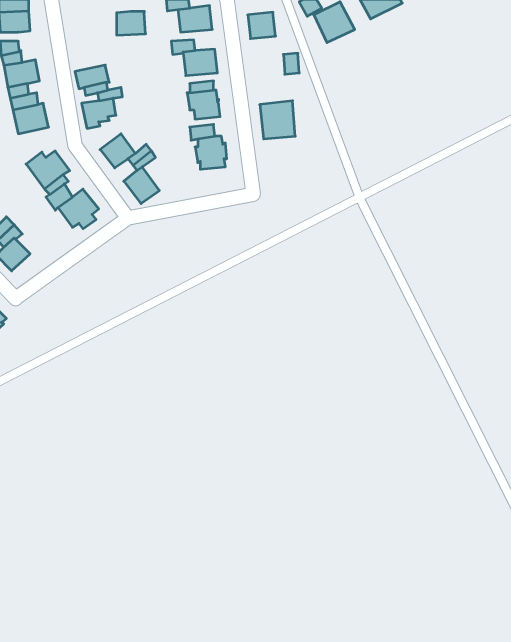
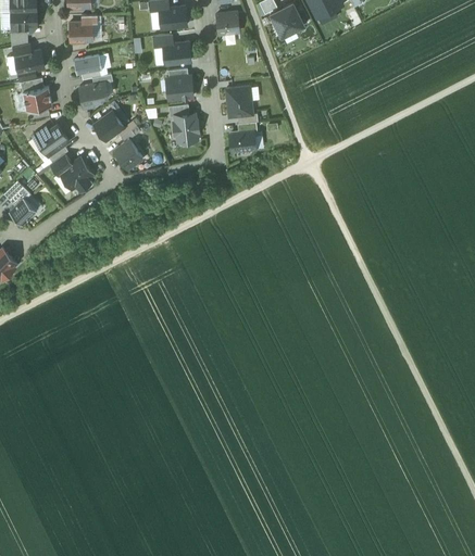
building: [117,11,146,35] -> [70,23,93,42]
building: none -> [229,129,258,150]

